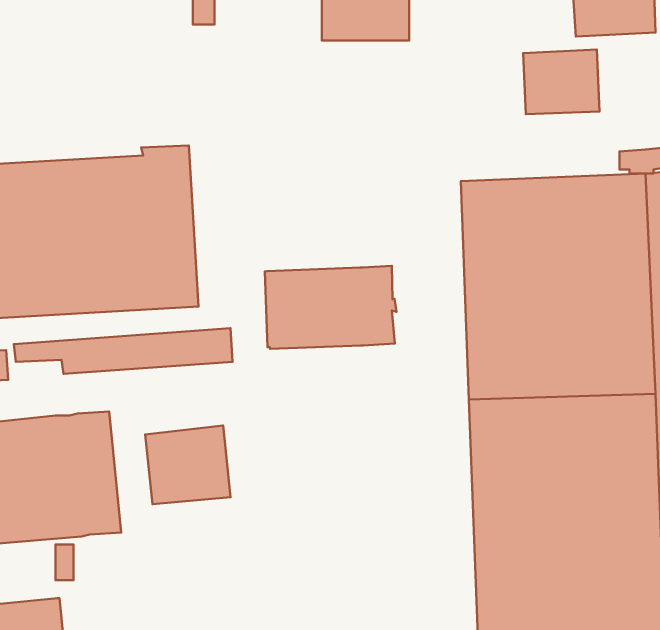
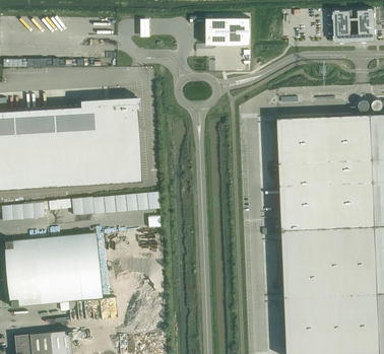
building: [523,49,600,114] -> none
building: [265,266,397,349] -> none
building: [145,425,231,504] -> none

